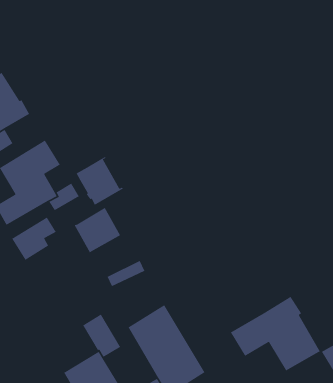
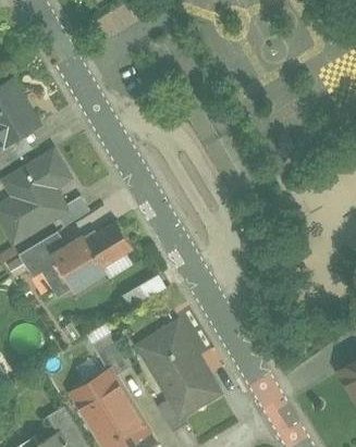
building: [75,156,124,206] -> [53,237,103,288]
building: [230,296,321,371] -> none

